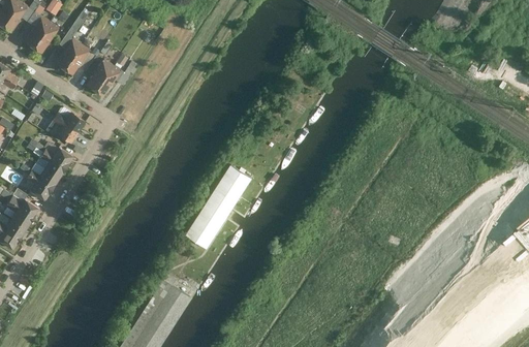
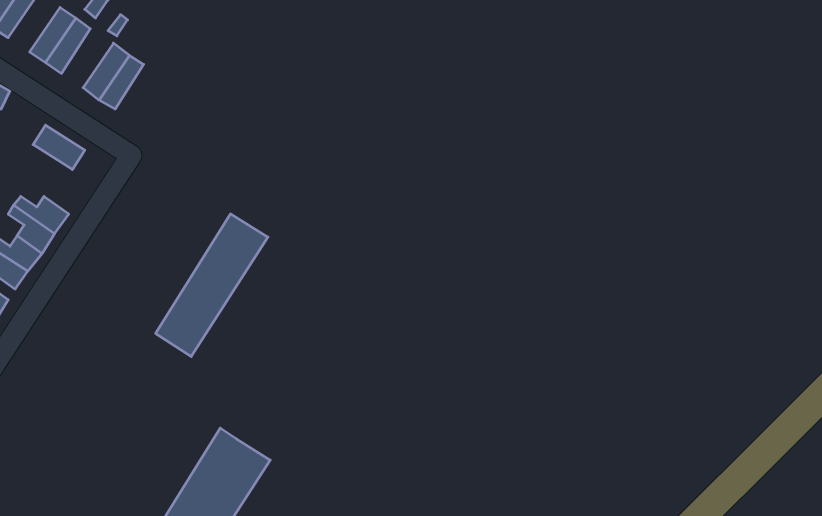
building: [45,115,76,141] -> none
building: [188,166,253,249] -> [156,214,268,357]

